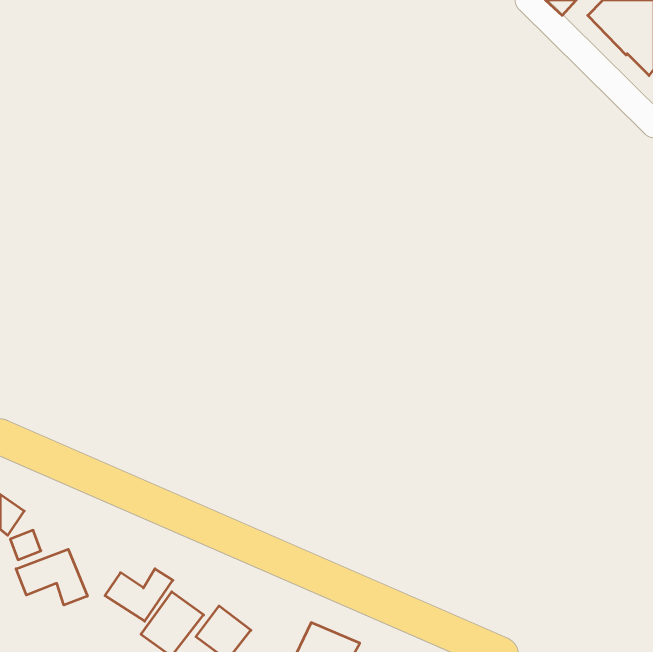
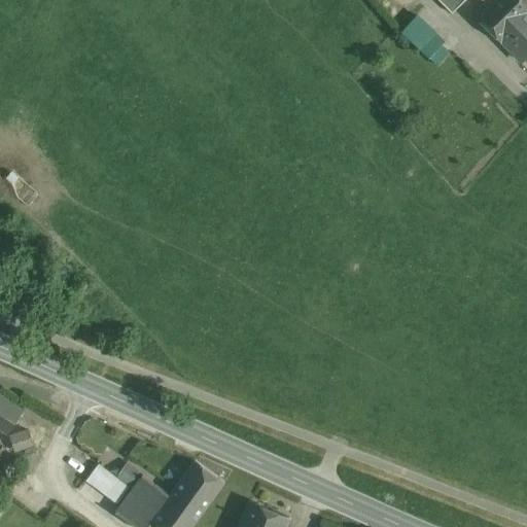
building: none -> [402,15,448,61]
building: [16,549,87,605] -> none
building: none -> [177,464,221,508]

